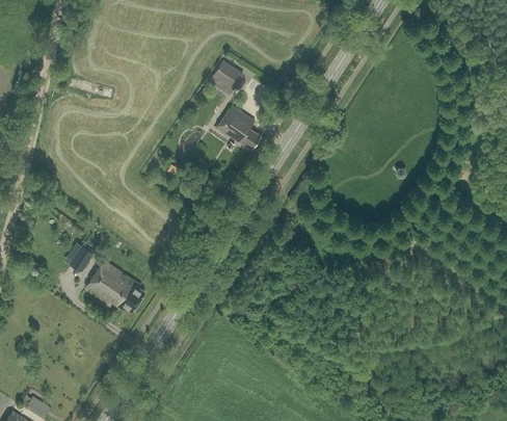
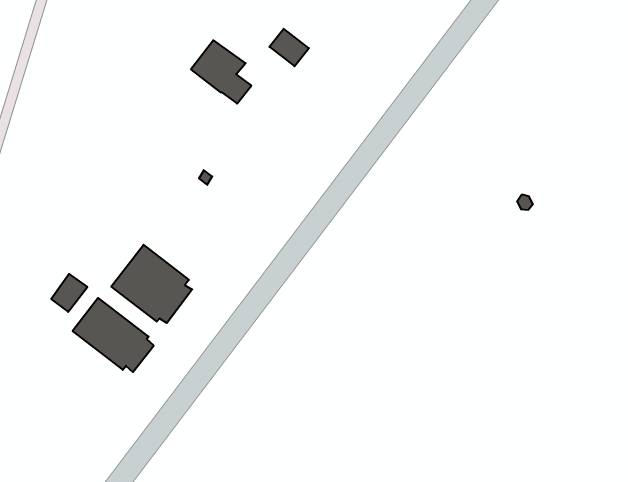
building: [216,105,260,149] -> [191,40,251,104]
building: none -> [111,245,192,323]

